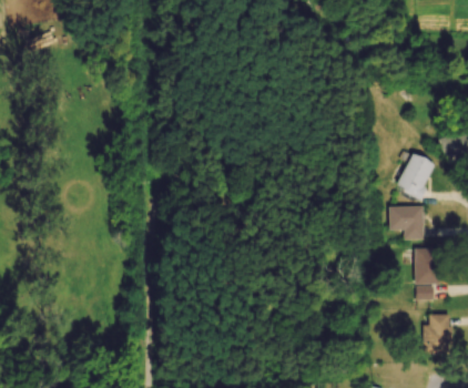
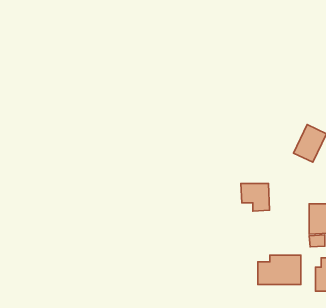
building: [389,206,424,239] -> [241,183,270,211]
building: none -> [258,255,301,285]

